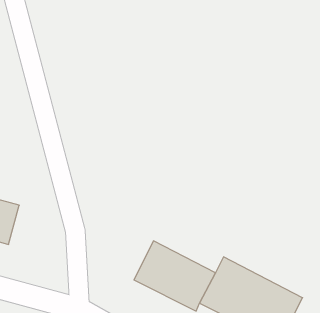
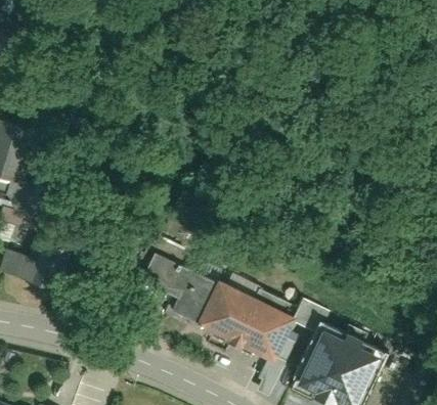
building: none -> [144,250,220,325]

